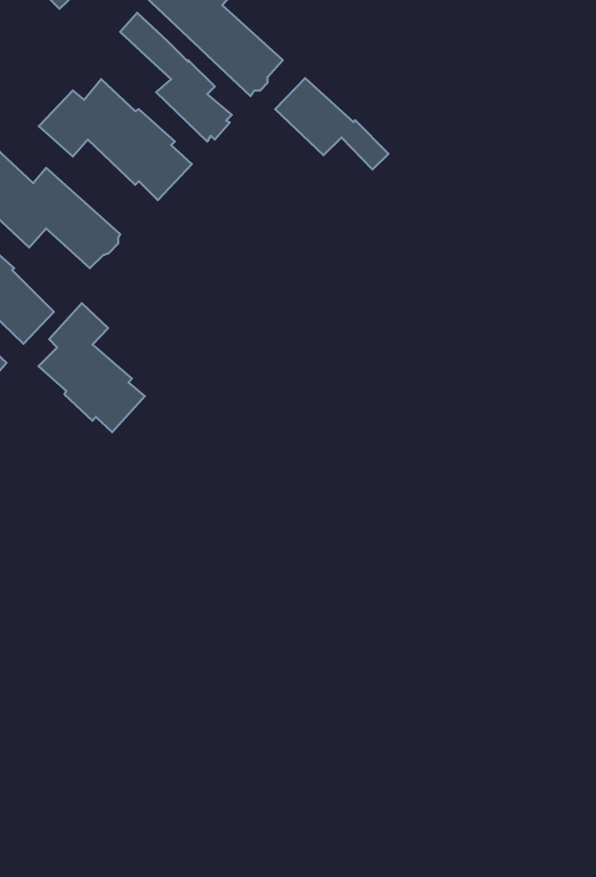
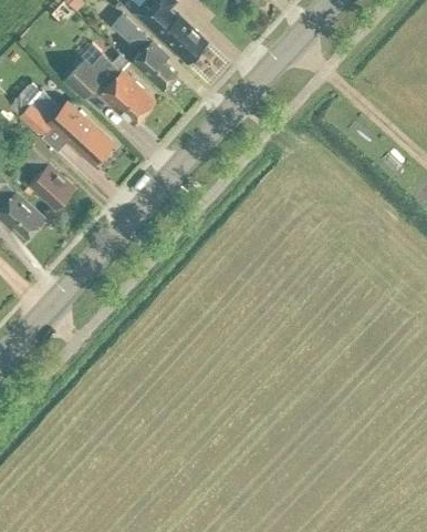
building: [275,78,389,170] -> none
building: [38,303,145,432] -> none

